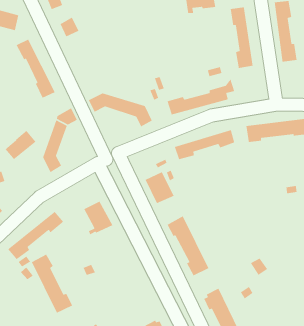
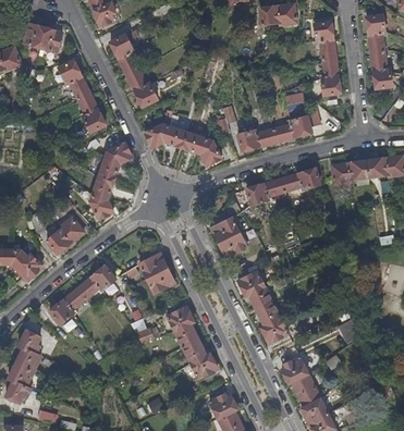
building: none -> [118,51,158,107]
building: [5,130,37,160] -> [46,217,84,253]
building: [31,253,73,314] -> [167,306,217,378]

